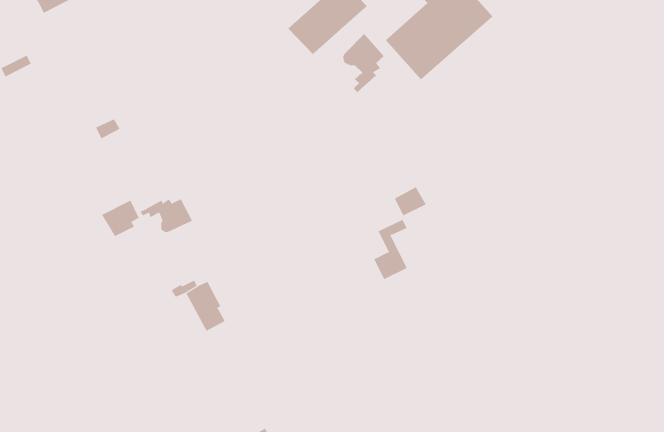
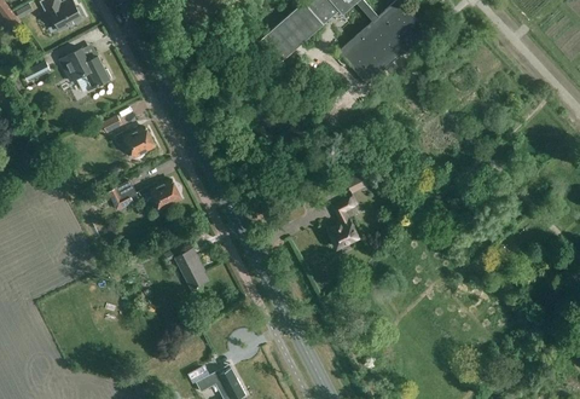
building: [342,33,385,93] -> none
building: none -> [59,47,110,87]
building: none -> [115,127,155,158]

